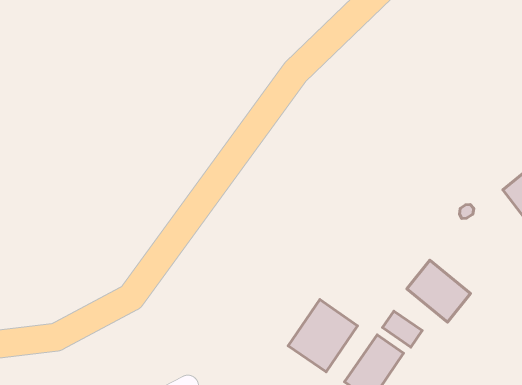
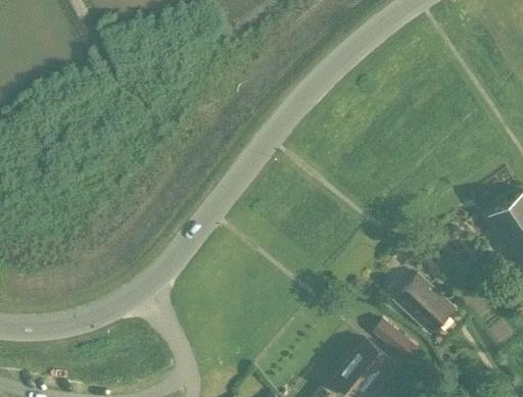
building: [288,299,357,372] -> none

